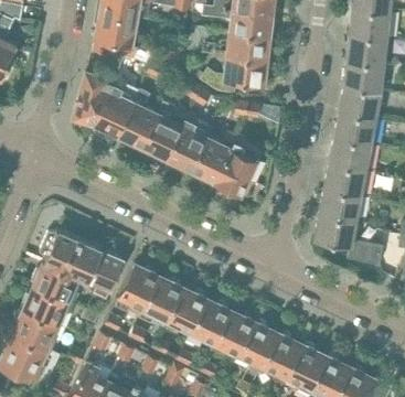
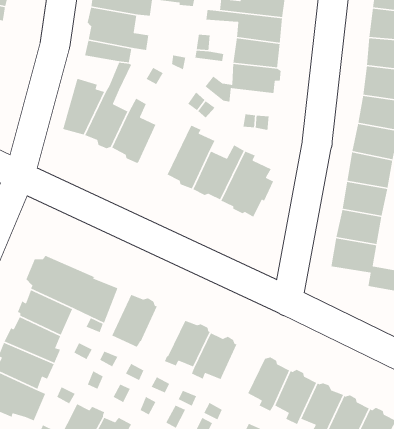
building: [140,101,189,159] -> none
building: [140,277,183,326] -> none
building: [212,311,255,355] -> none

